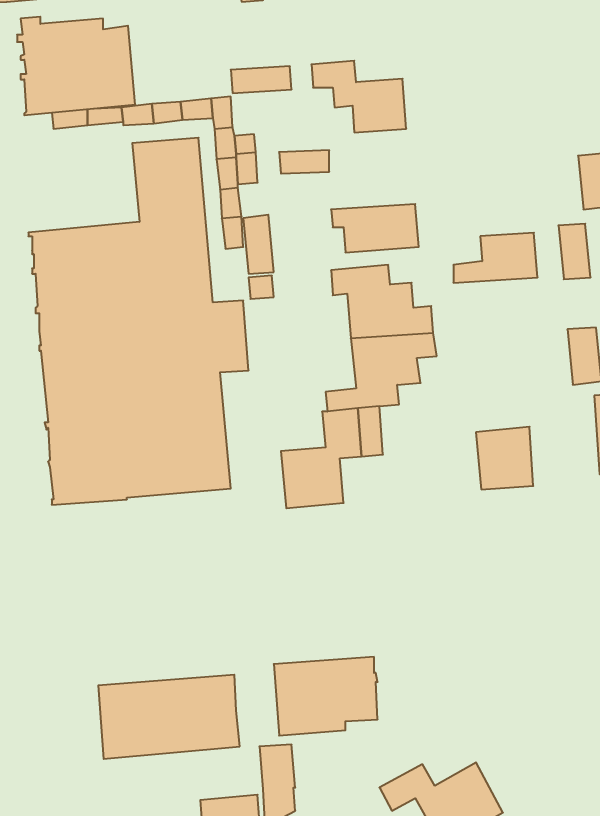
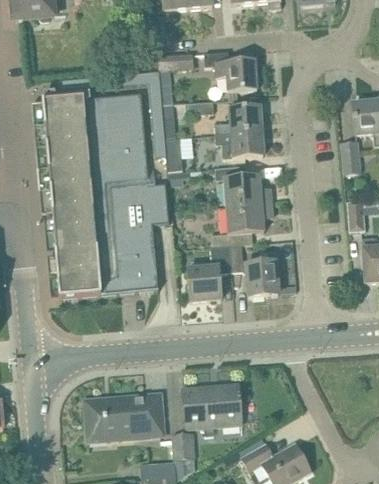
building: [17,17,135,115] -> [42,92,108,147]
building: [453,233,538,283] -> [215,106,262,134]
building: [476,427,533,489] -> [246,261,278,296]

